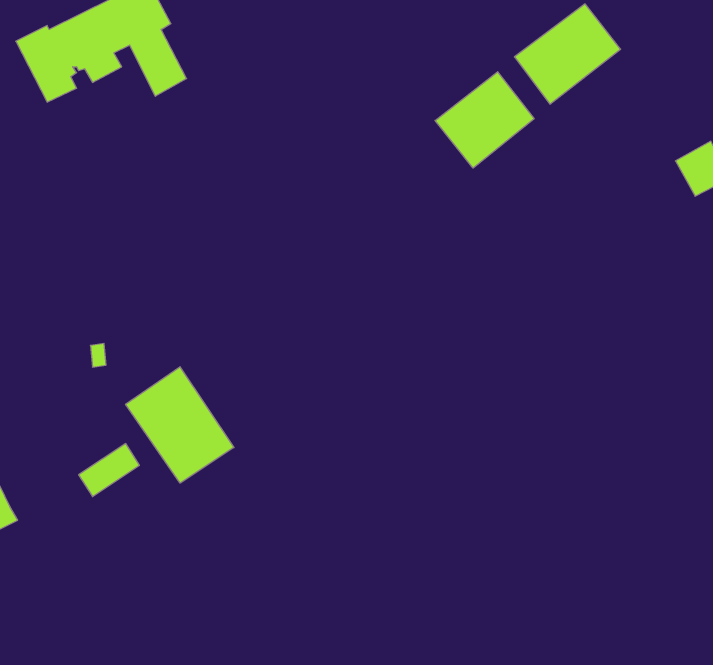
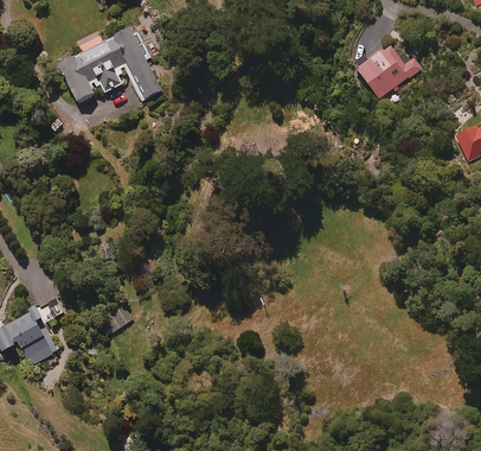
building: [435,72,534,168] -> none
building: [126,367,234,483] -> none

